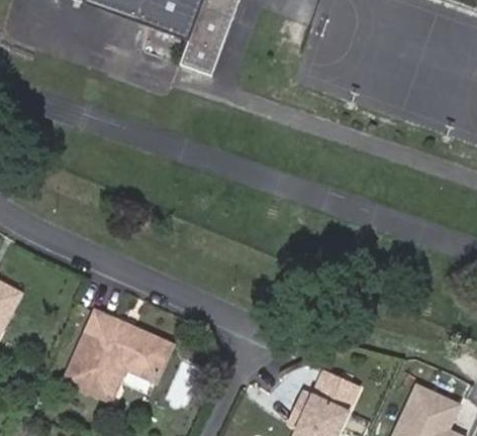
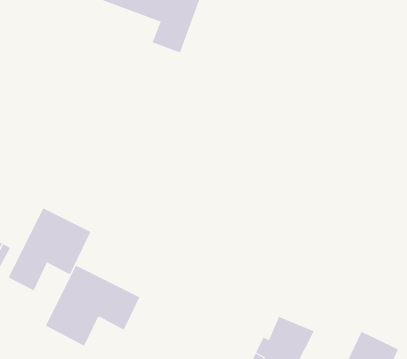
building: none -> [8,207,91,291]

